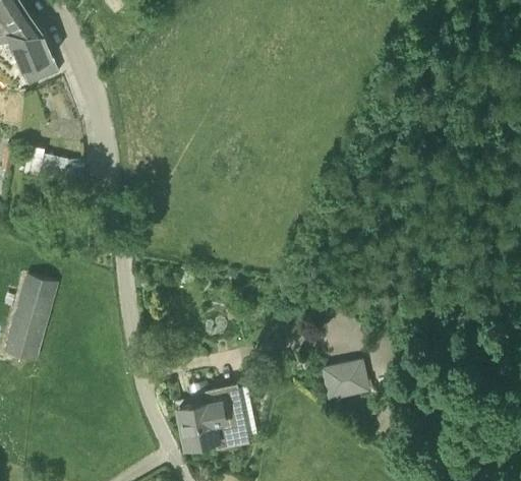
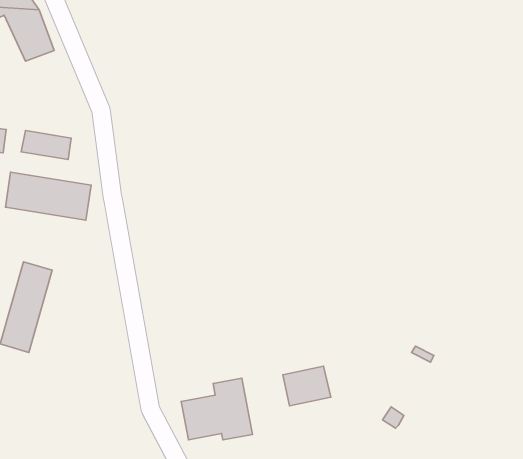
building: none -> [5,172,91,220]
building: [322,362,367,400] -> [283,366,331,406]

